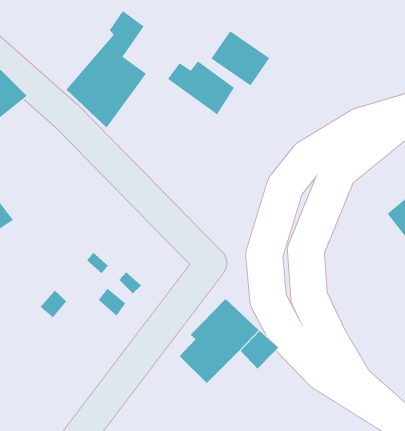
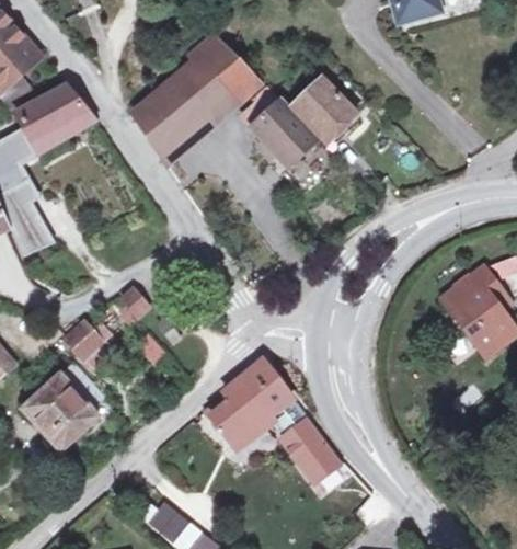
building: none -> [199,60,250,111]
building: none -> [21,363,100,451]
building: none -> [284,427,333,478]

